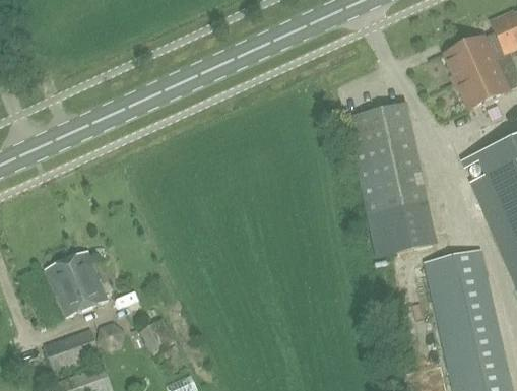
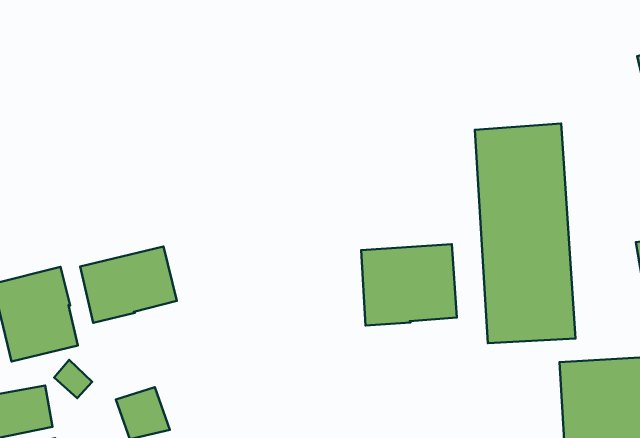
building: none -> [361,244,457,326]
building: none -> [80,246,177,323]

